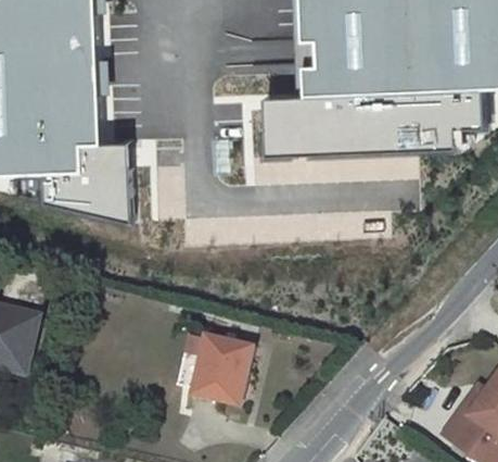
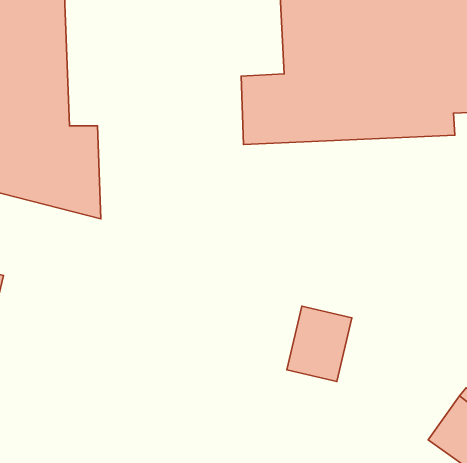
building: [188,333,248,403] -> [287,306,352,381]

